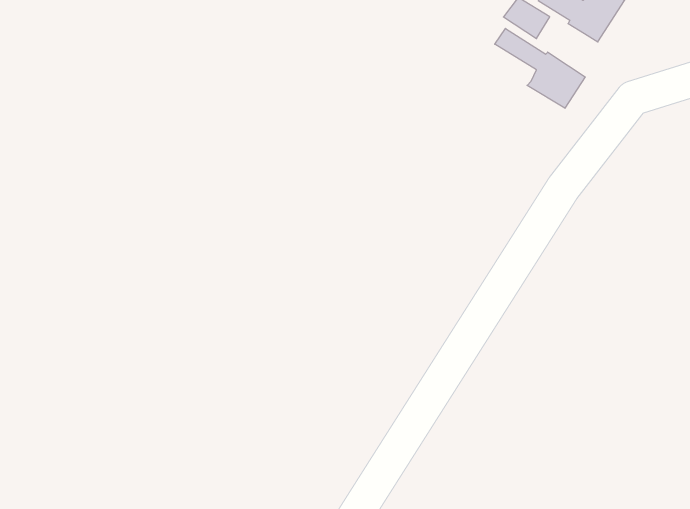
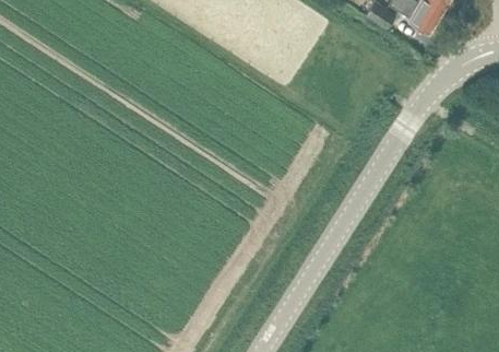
building: [495,28,585,108] -> none

